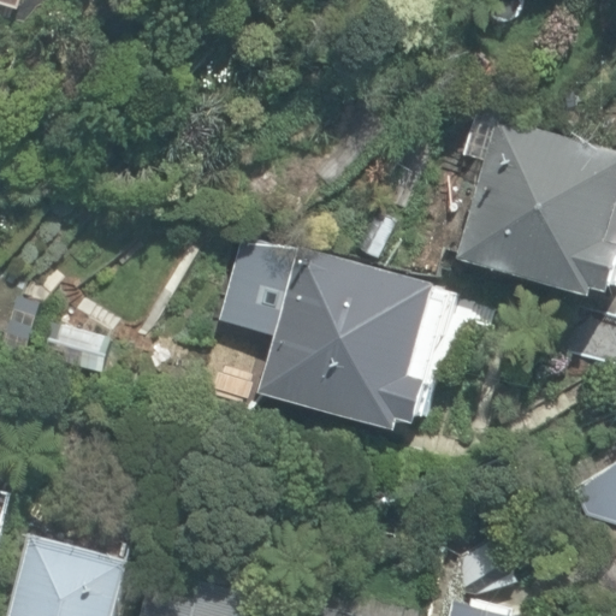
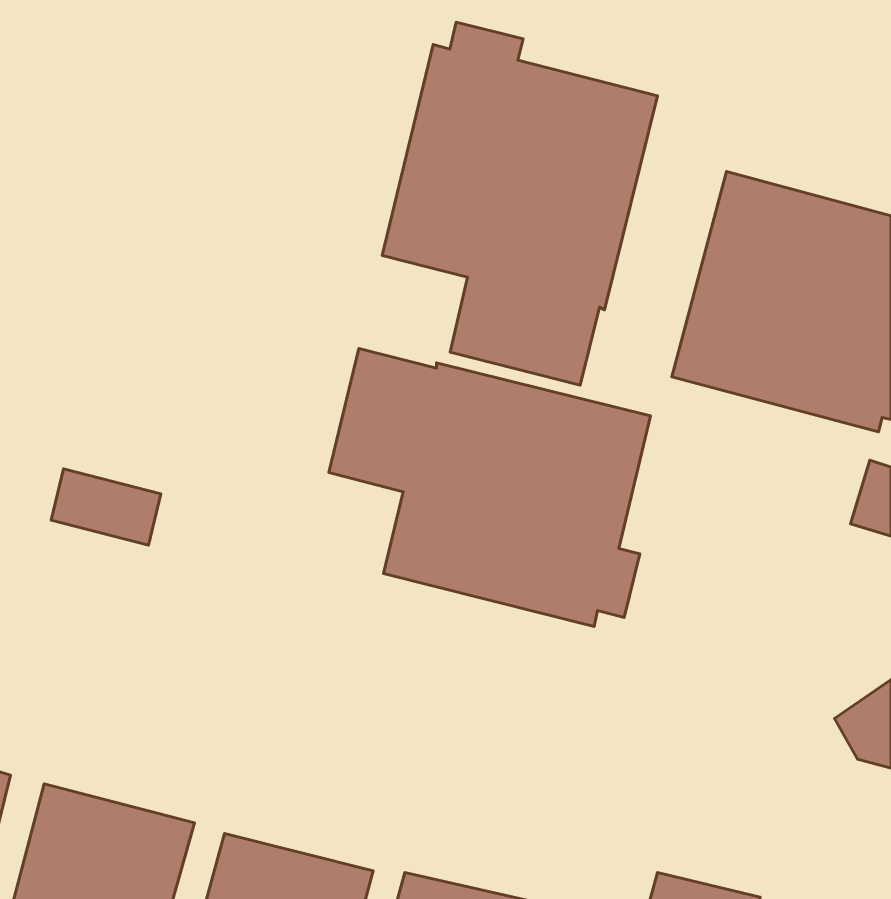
building: none -> [382,22,657,385]

